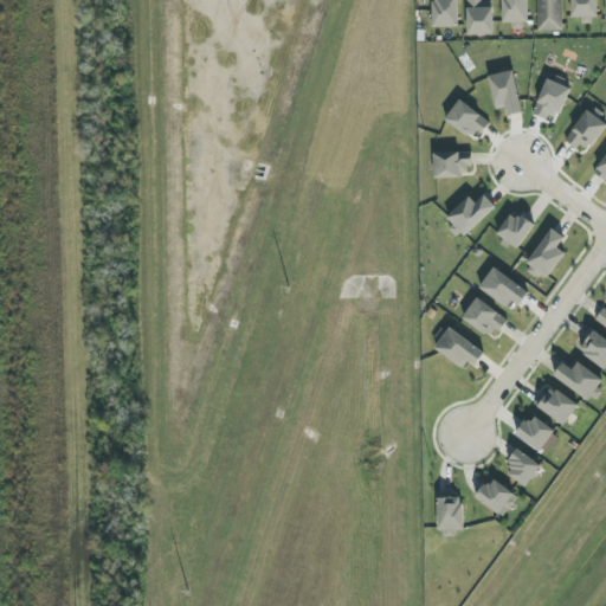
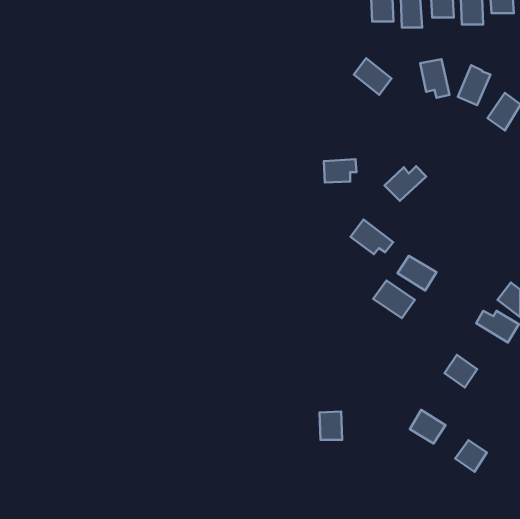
building: [445,97,489,140] -> [354,58,392,95]
building: [433,149,471,176] -> [324,159,356,182]
building: [496,209,533,246] -> none
building: [527,226,565,276] -> none
building: [478,265,528,305] -> [350,220,393,254]
building: [537,385,578,424] -> none
building: [503,449,540,485] -> [455,440,487,472]
building: [437,495,463,528] -> [320,411,342,440]

